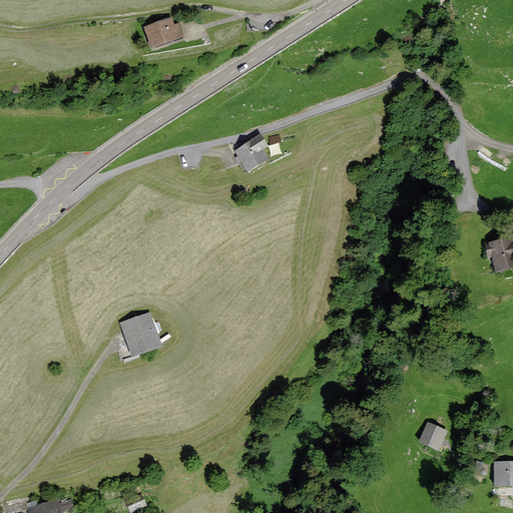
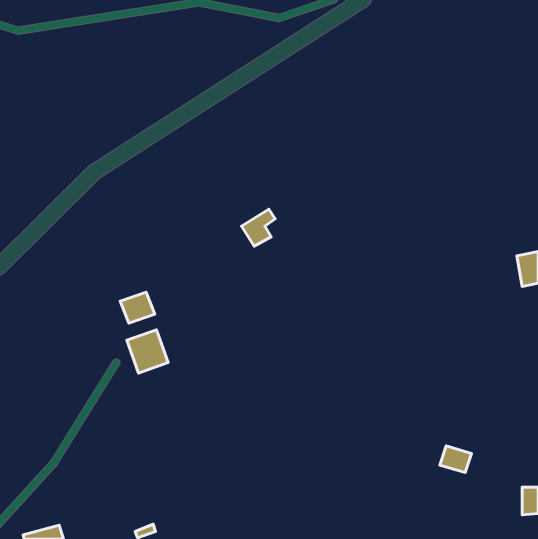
building: [146,20,182,48] -> none
building: [234,137,267,172] -> [241,209,275,246]
building: none -> [120,292,155,323]

